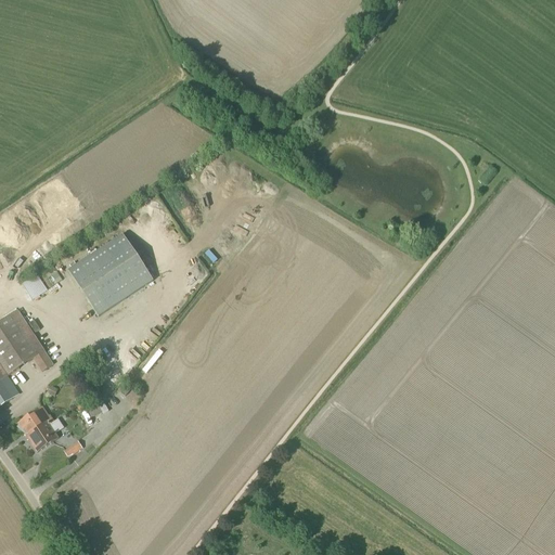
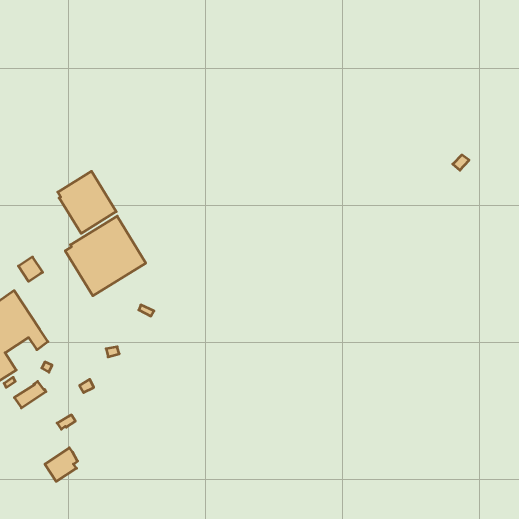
building: none -> [58,171,116,233]
building: [23,416,57,452] -> [45,448,78,481]

